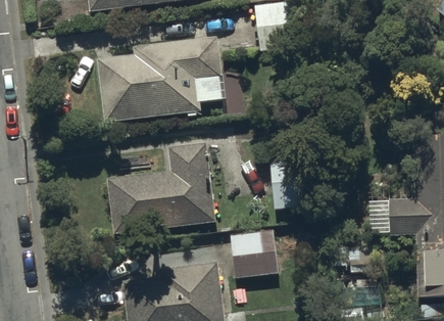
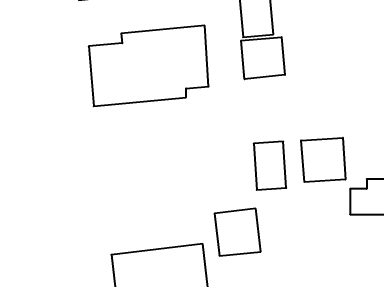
building: none -> [241,37,285,79]
building: [107,144,213,232] -> none
building: none -> [301,138,345,182]

